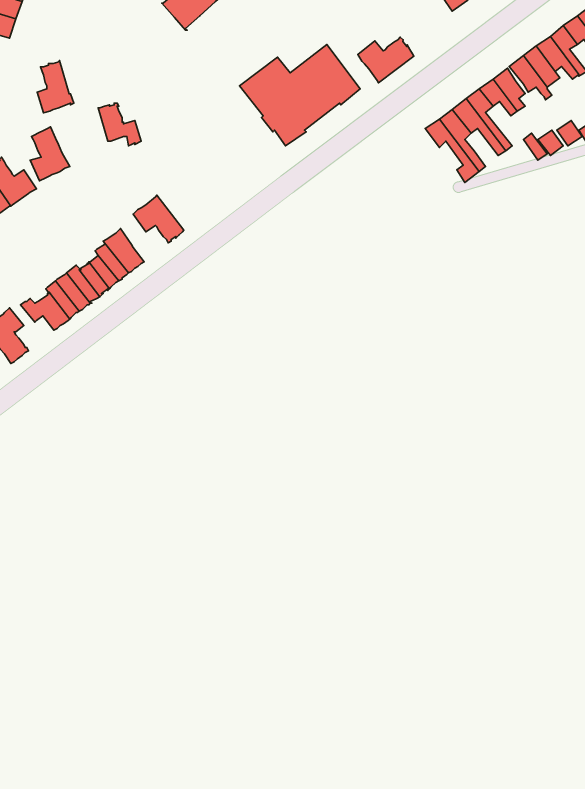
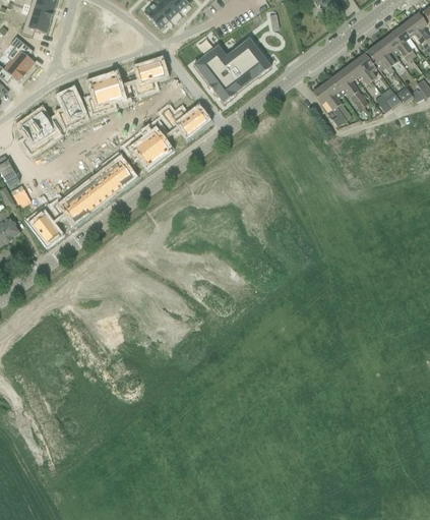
building: [358,37,414,83] -> none
building: [37,60,74,113] -> [88,77,112,111]
building: none -> [133,60,164,92]
building: none -> [162,107,206,133]
building: none -> [140,121,168,156]

